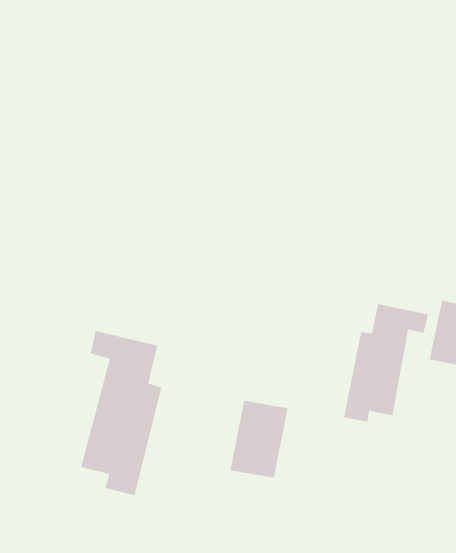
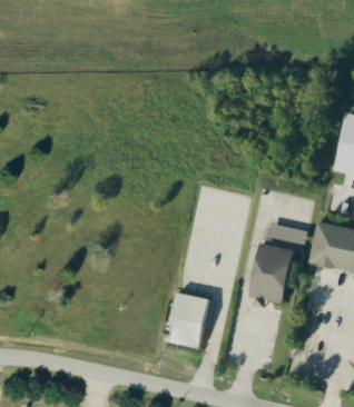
building: [80,330,162,496] -> none

